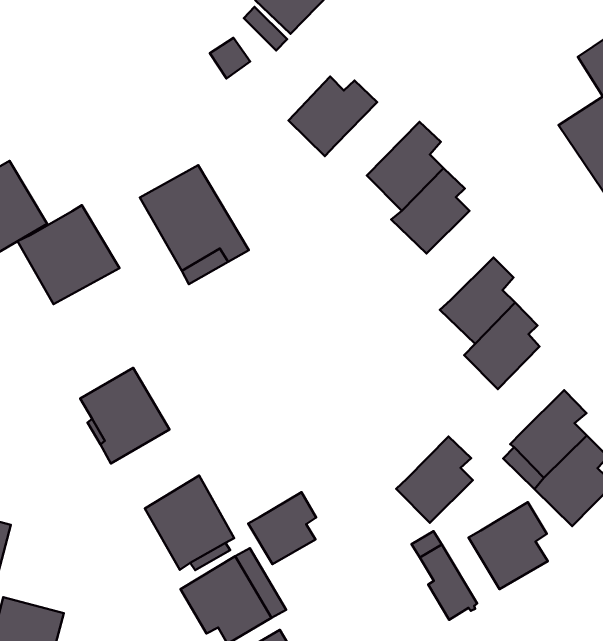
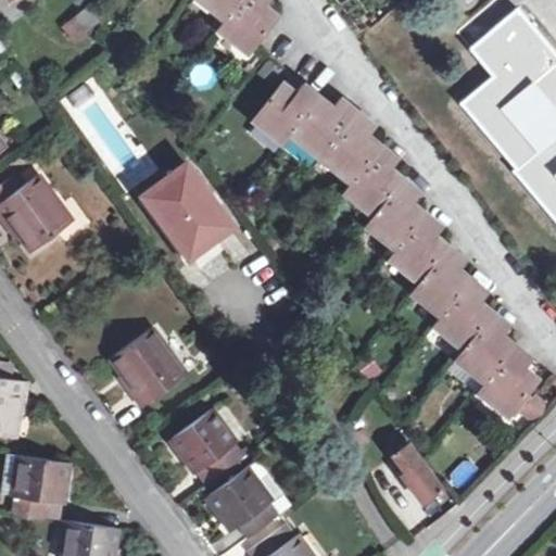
building: none -> [293,99,357,159]
building: [17,205,119,304] -> none
building: none -> [366,178,427,250]
building: [396,436,473,523] -> [433,279,493,349]
building: [248,492,316,564] -> none
building: [468,502,548,589] -> none

